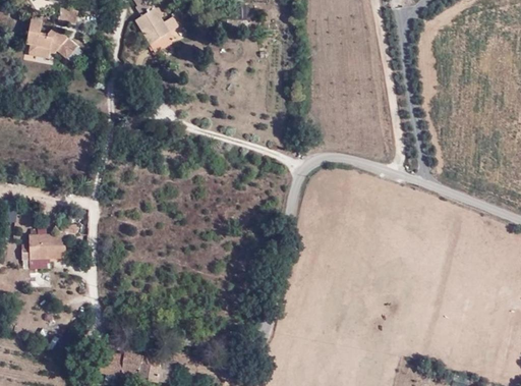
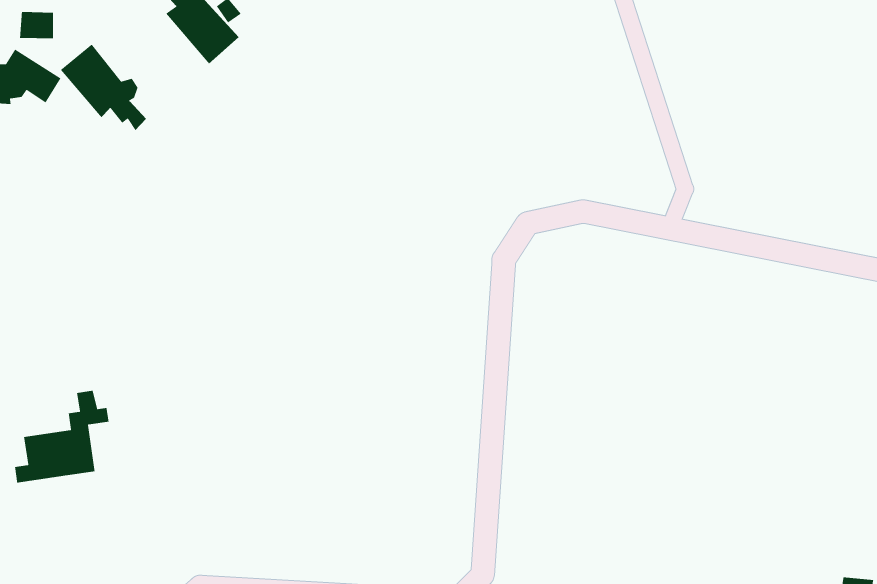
building: none -> [60,44,147,131]

